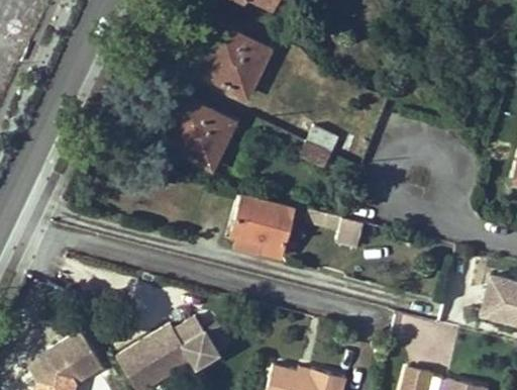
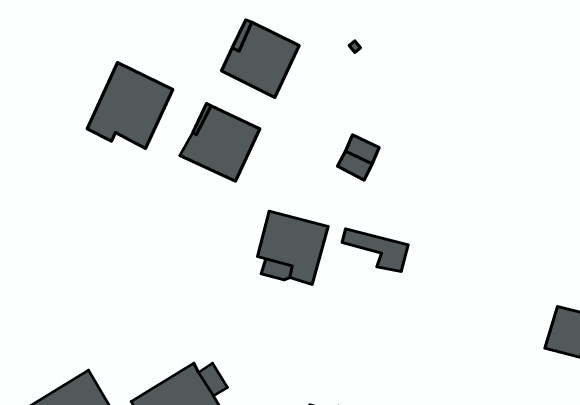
building: none -> [87,62,173,148]

